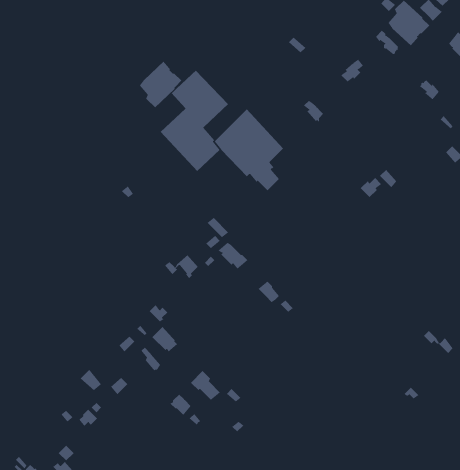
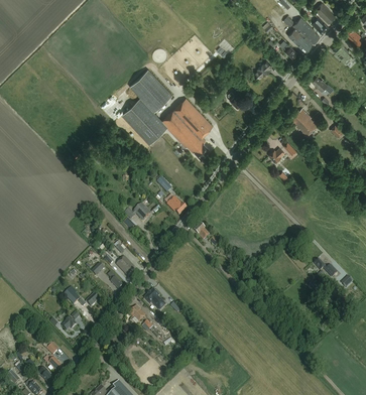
building: [139,61,182,108] -> none
building: none -> [289,108,319,136]

